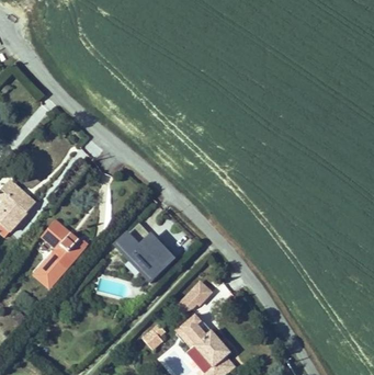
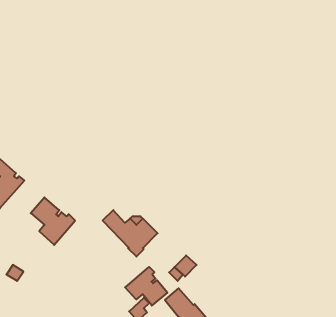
building: [34,254,66,287] -> none
building: none -> [125,267,167,306]

